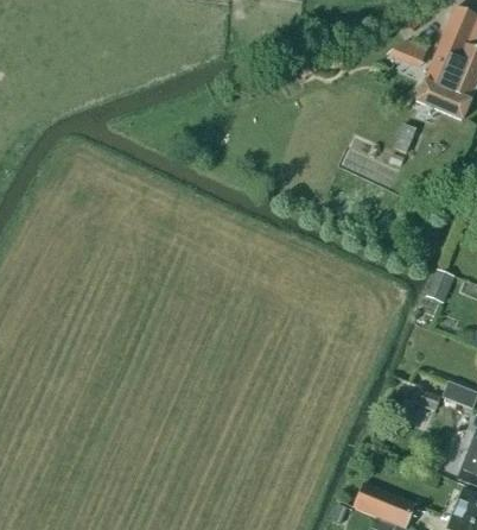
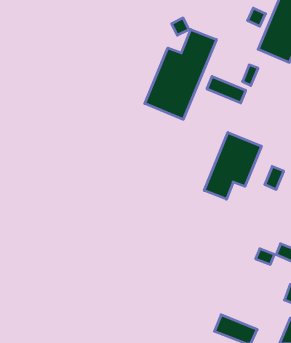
building: none -> [145,29,216,119]
building: none -> [204,132,261,199]

